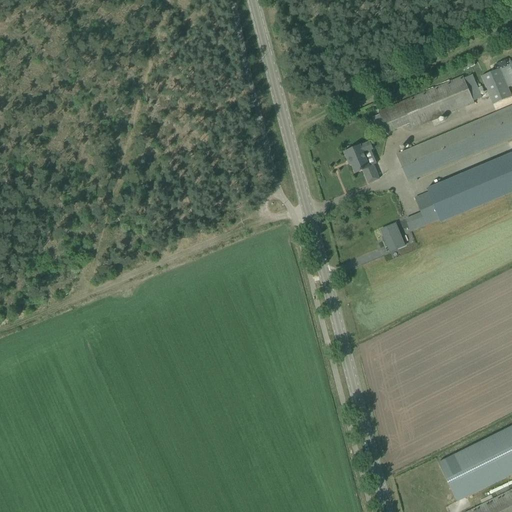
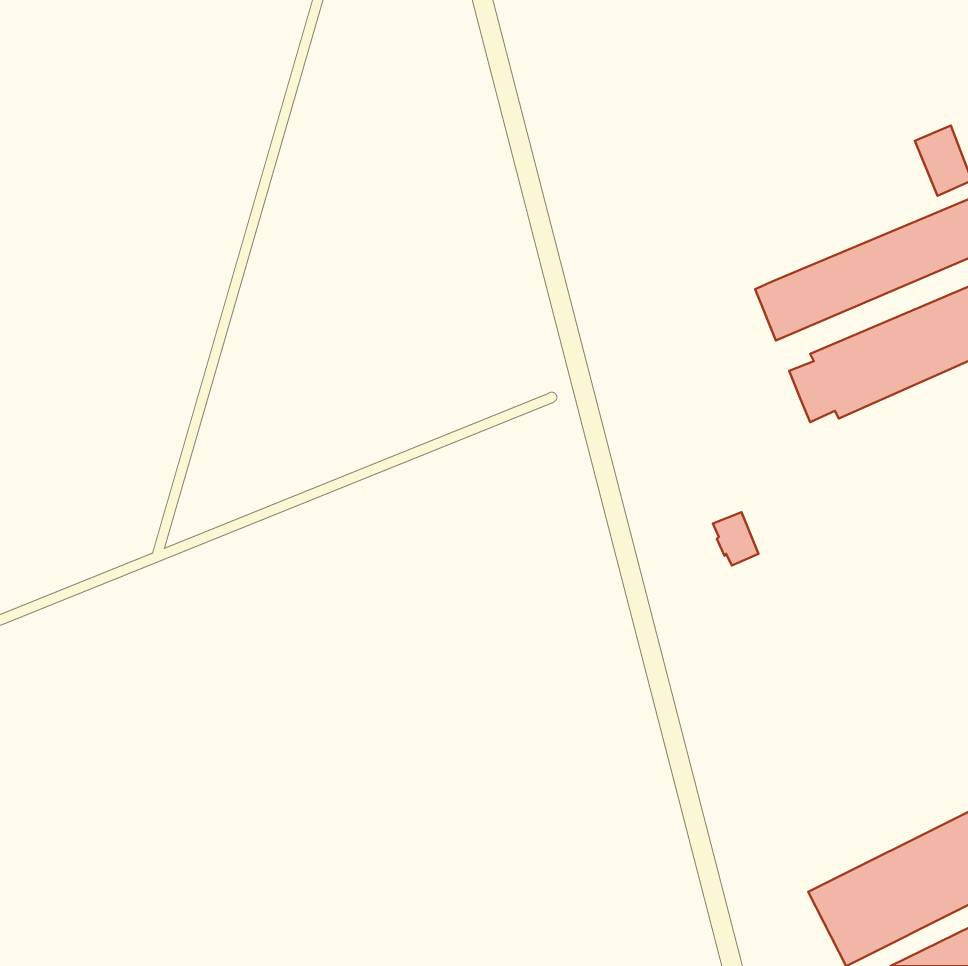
building: [381,73,483,130] -> none
building: [346,139,381,181] -> none
building: [382,221,406,249] -> [713,512,759,565]

